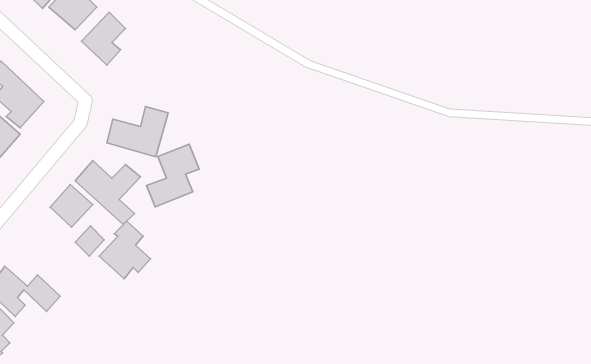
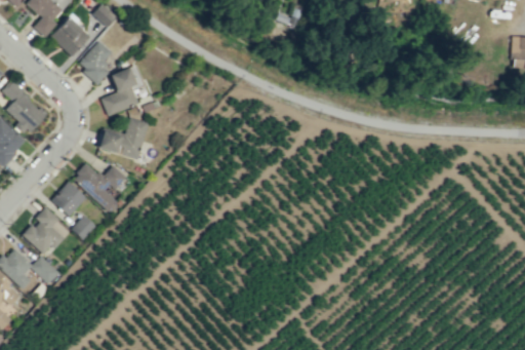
building: [146,144,199,207] -> [100,65,144,116]
building: [99,221,151,279] -> [23,207,65,255]

